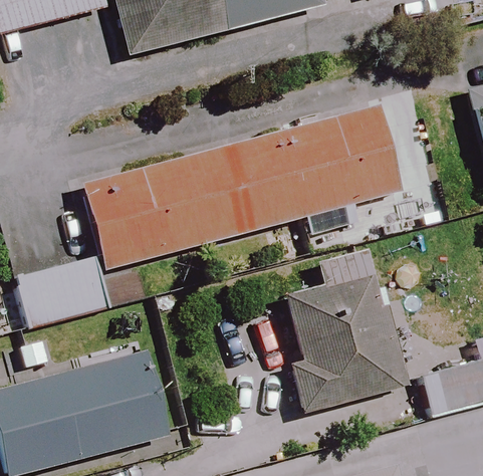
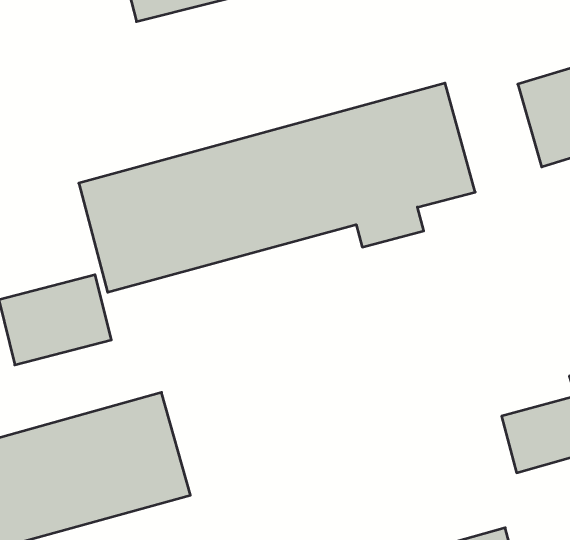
building: [288,252,410,413] -> none

